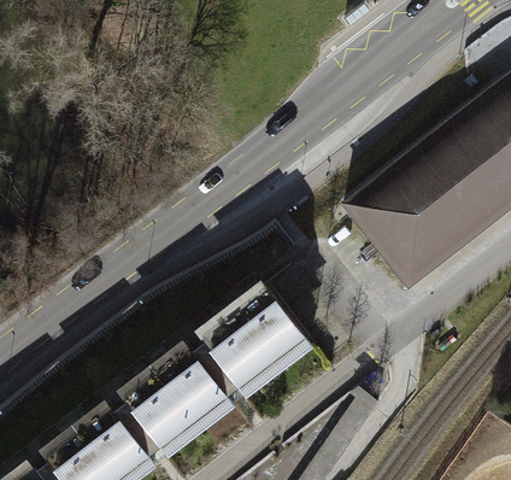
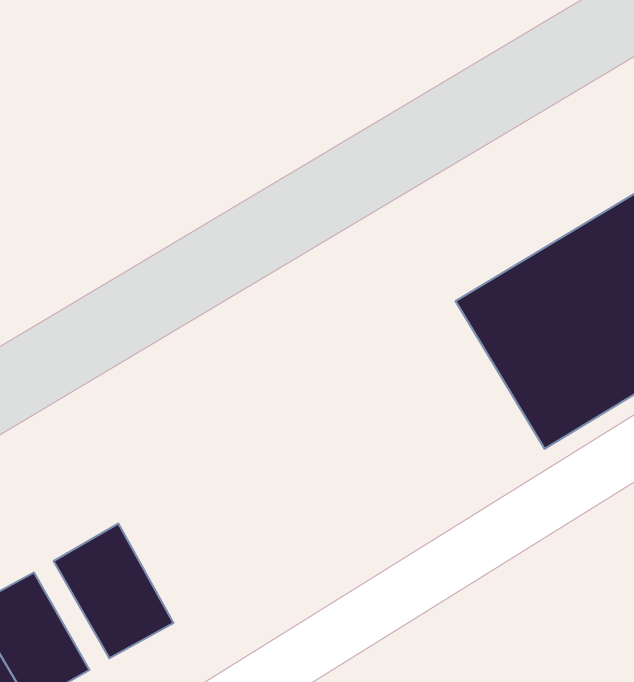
building: [198,287,309,393] -> none
building: [155,347,231,428] -> none

